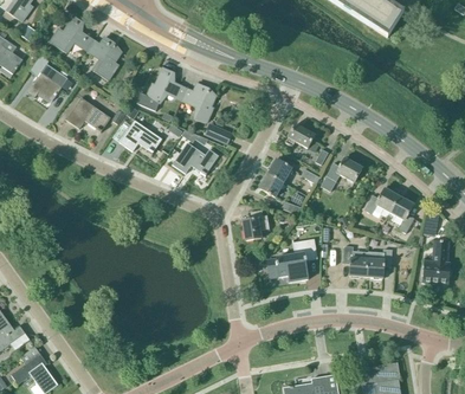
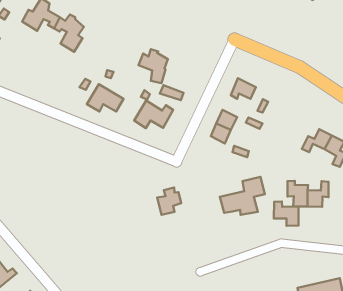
building: [27,57,62,99] -> none
building: [147,66,187,102] -> none
building: [65,96,110,130] -> none
building: [319,156,362,190] -> none
building: [241,208,269,239] -> [157,187,181,215]
building: none -> [274,202,298,226]

